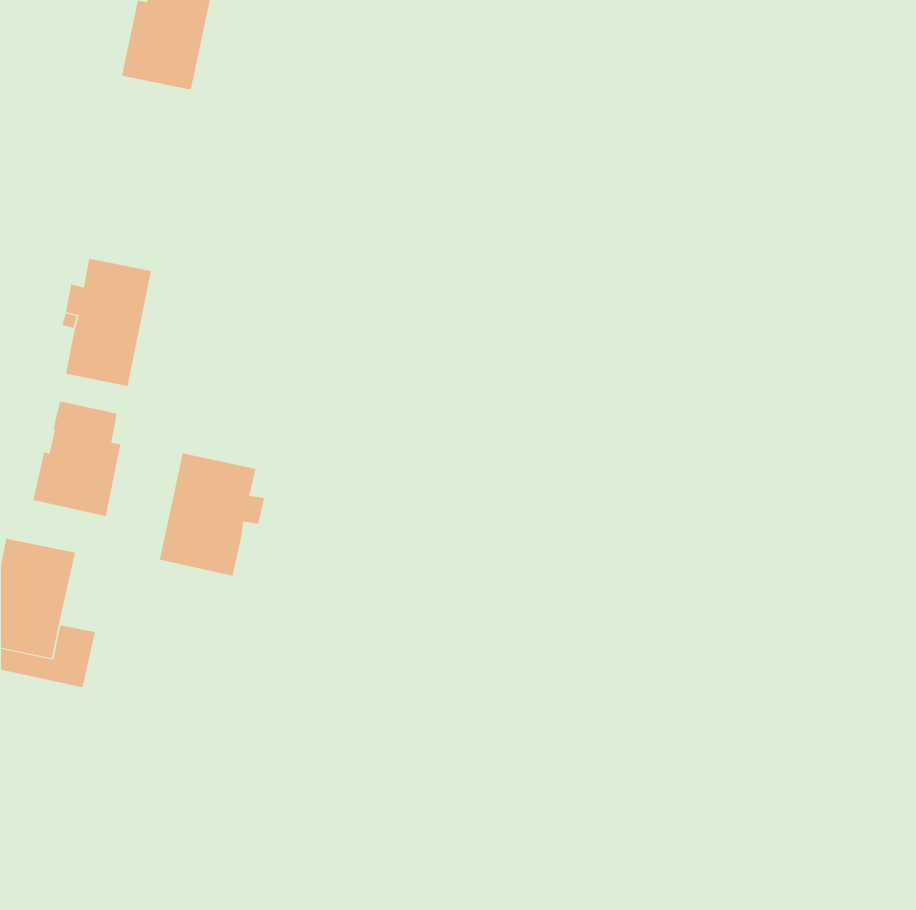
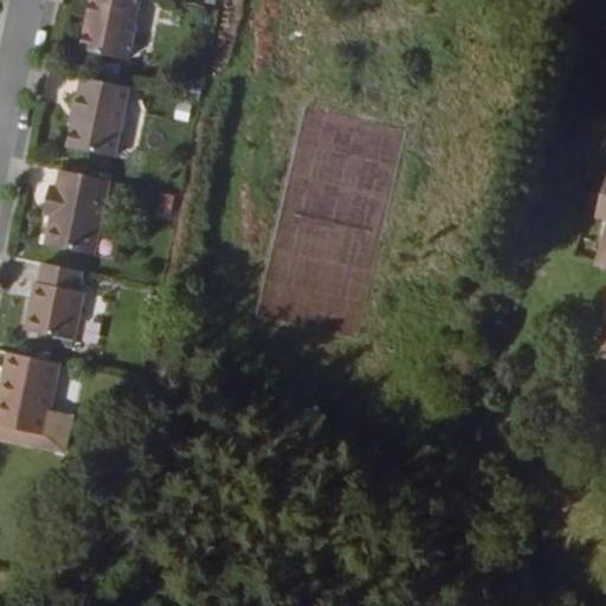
building: none -> [70,76,129,155]
building: [159,452,265,576] -> none

